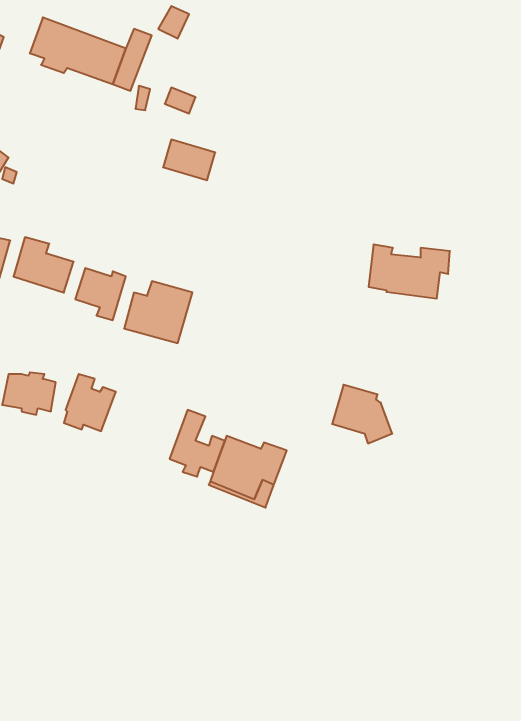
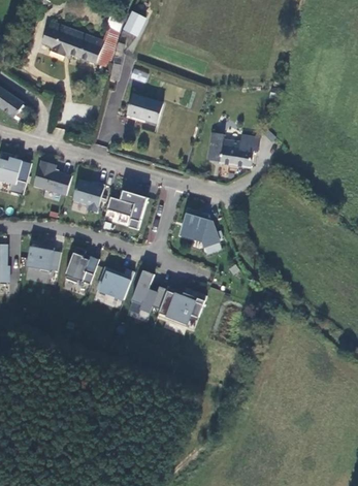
building: [369,245,450,298] -> [208,132,260,166]
building: [332,385,392,443] -> [181,210,219,248]
building: none -> [97,266,134,299]

